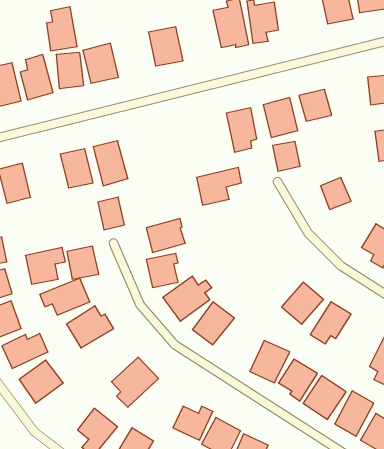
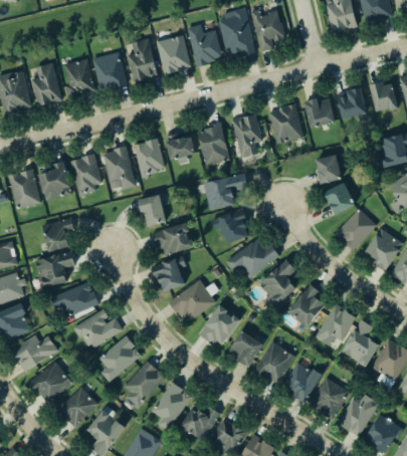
building: [46,7,77,51] -> [128,38,158,81]
building: none -> [187,24,223,66]
building: none -> [336,87,367,119]
building: none -> [196,124,229,166]
building: none -> [166,135,194,164]
building: none -> [134,139,164,176]
building: [273,141,300,171] -> [315,155,342,184]
building: none -> [39,161,71,200]
building: [98,197,124,230] -> [140,194,166,226]
building: none -> [335,208,376,250]
building: none -> [212,211,248,242]
building: none -> [225,239,280,276]
building: [67,246,99,279] -> [42,219,73,251]
building: none -> [258,259,296,305]
building: none -> [342,319,380,366]
building: none -> [228,331,262,366]
building: none -> [97,335,142,383]
building: none -> [152,381,190,431]
building: none -> [55,386,97,428]

